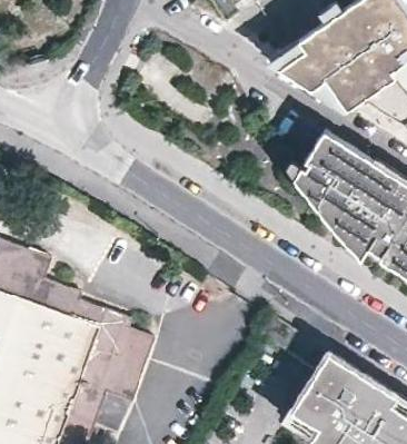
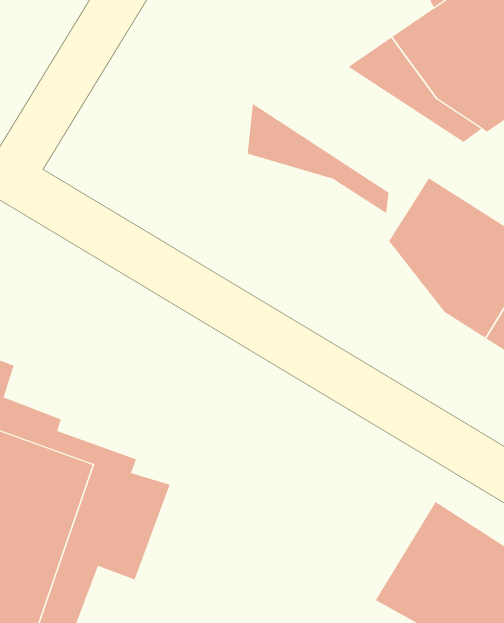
building: none -> [247,103,389,214]

